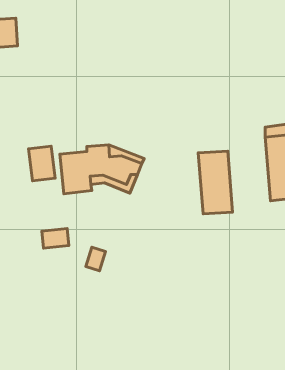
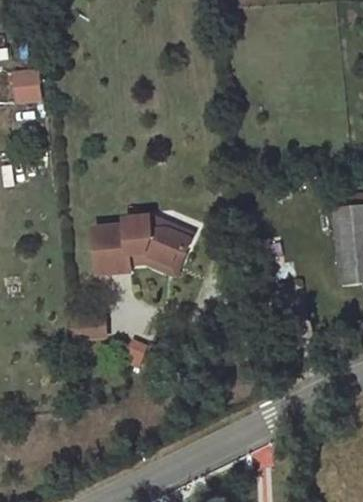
building: [29,146,55,181] -> none
building: [198,151,233,214] -> none

